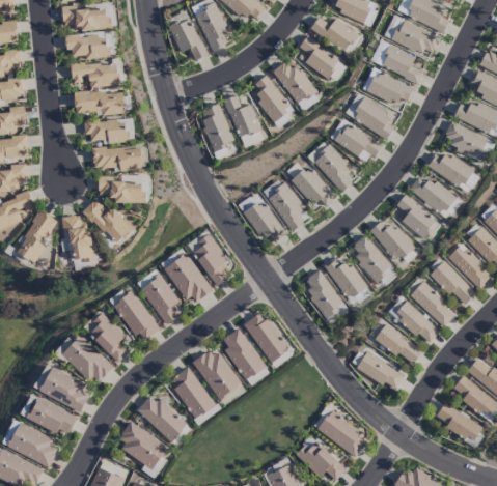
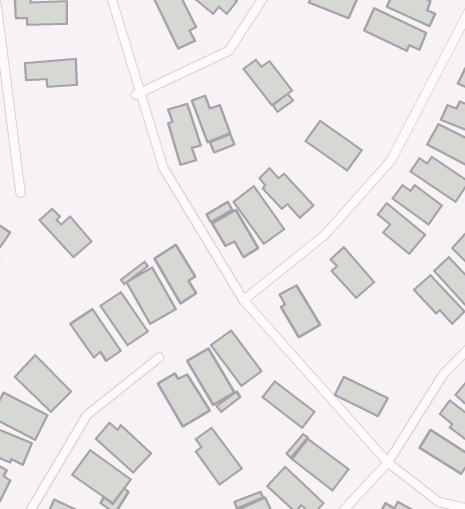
building: [169,17,208,60] -> none
building: [311,17,358,53] -> none
building: [67,34,109,57] -> none
building: [299,35,348,83] -> none
building: [371,40,424,83] -> none
building: [365,69,415,106] -> none
building: [253,75,297,127] -> none
building: [75,89,126,115] -> none
building: [346,93,394,140] -> none
building: [86,119,129,143] -> none
building: [309,141,354,192] -> none
building: [92,146,142,170] -> none
building: [99,176,145,203] -> none
building: [61,215,94,262] -> none
building: [371,221,419,266] -> none
building: [325,257,370,305] -> none
building: [410,281,454,326] -> none
building: [394,301,440,345] -> none
building: [84,311,129,363] -> none
building: [376,323,423,366] -> [263,382,314,428]
building: [173,367,216,419] -> [196,428,242,484]

